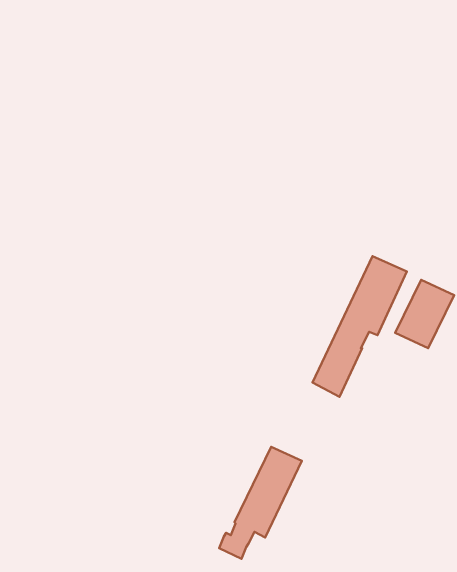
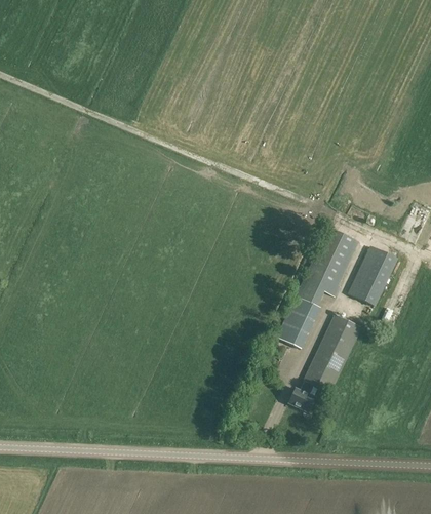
building: [219,447,302,559] -> [289,315,361,412]

